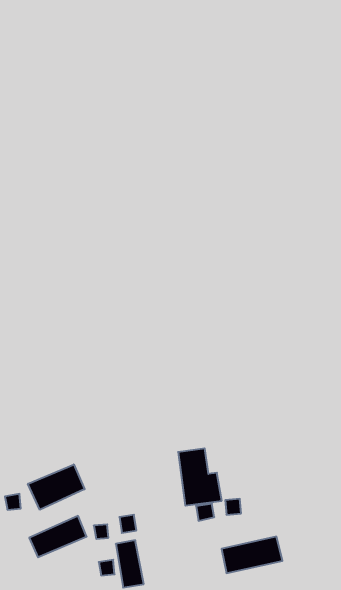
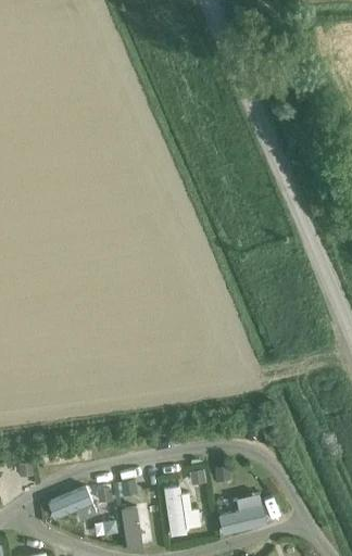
building: [178,448,222,506] -> [162,484,201,535]
building: [28,464,85,510] -> none

